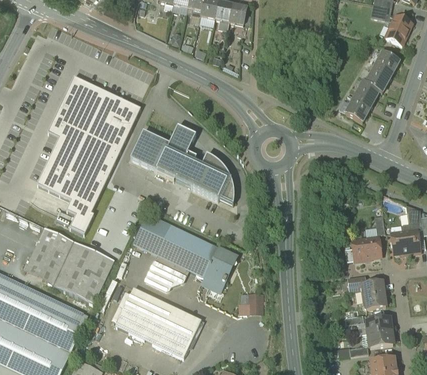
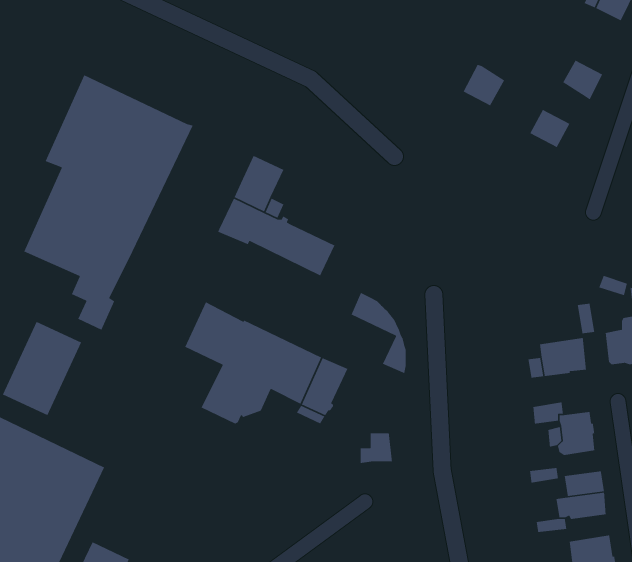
building: [373,50,399,76] -> none
building: [353,80,379,106] -> [463,64,505,107]
building: [130,130,169,170] -> none
building: [200,153,234,203] -> [351,292,407,374]
building: [52,239,114,304] -> none
building: [115,287,201,358] -> none

